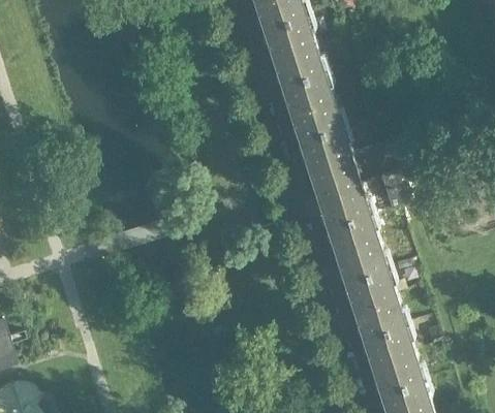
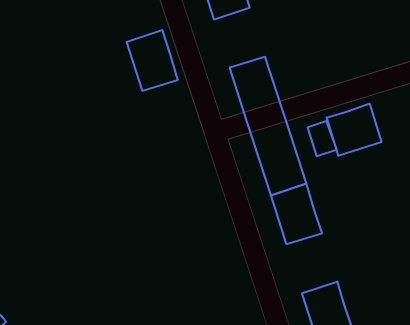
building: [272,39,330,107] -> [127,30,178,91]
building: none -> [327,104,381,156]
building: [353,293,411,361] -> none

